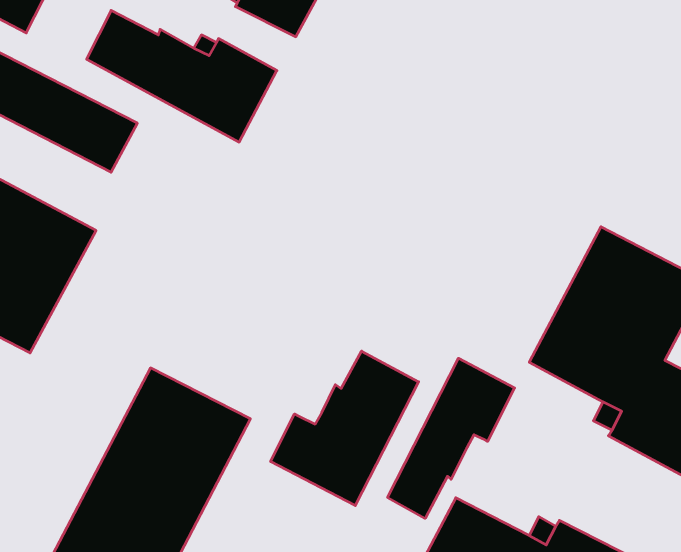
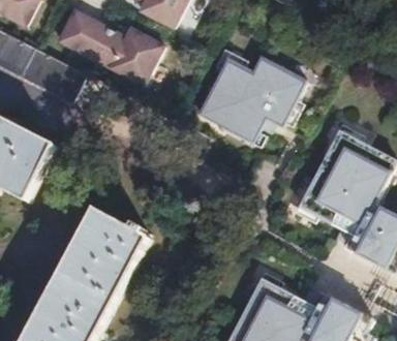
building: none -> [200,57,307,143]
building: [271,351,419,506] -> none
building: [388,358,515,518] -> none

